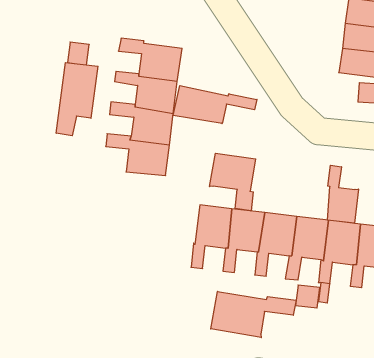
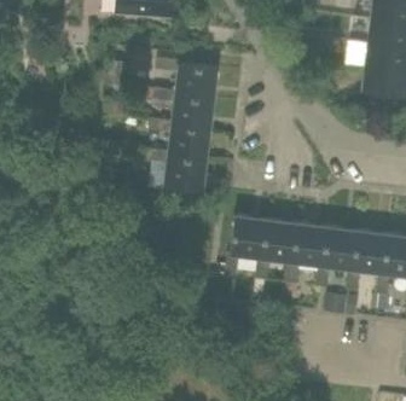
building: [56,63,98,136] -> none
building: [173,86,257,124] -> none
building: [210,153,256,211] -> none
building: [327,165,358,223] -> none
building: [211,291,296,338] -> none

